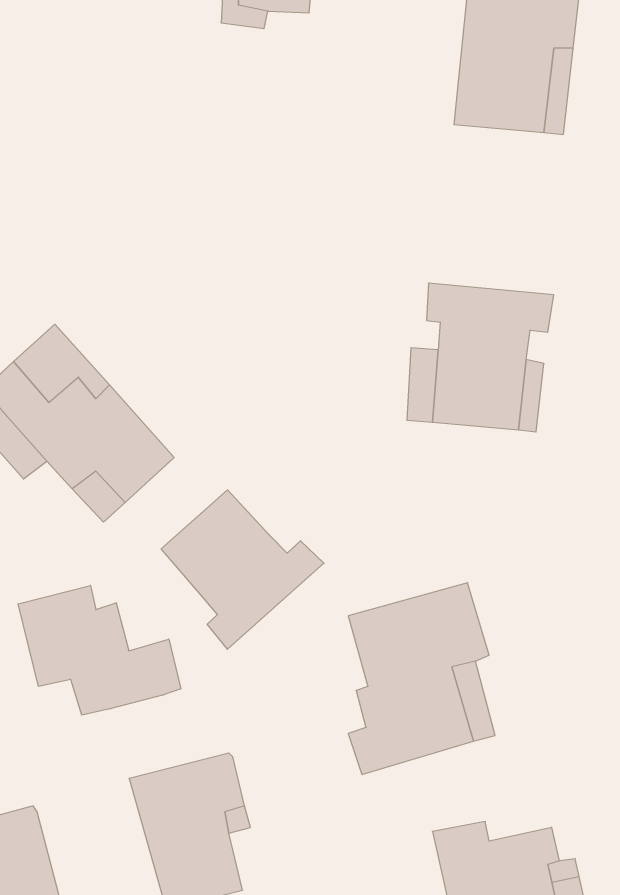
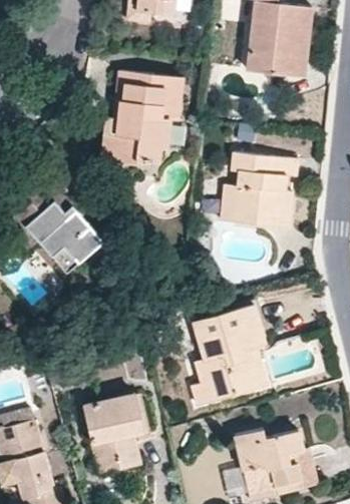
building: none -> [103,71,182,162]
building: [161,490,324,649] -> none
building: [18,585,181,715] -> none

